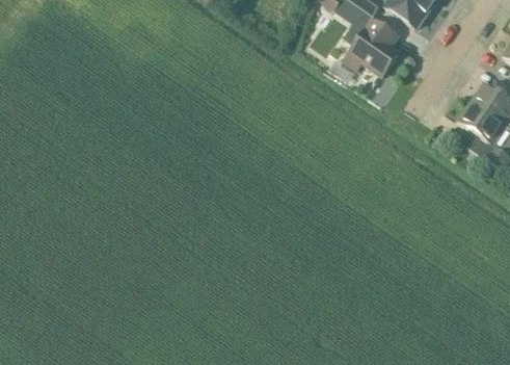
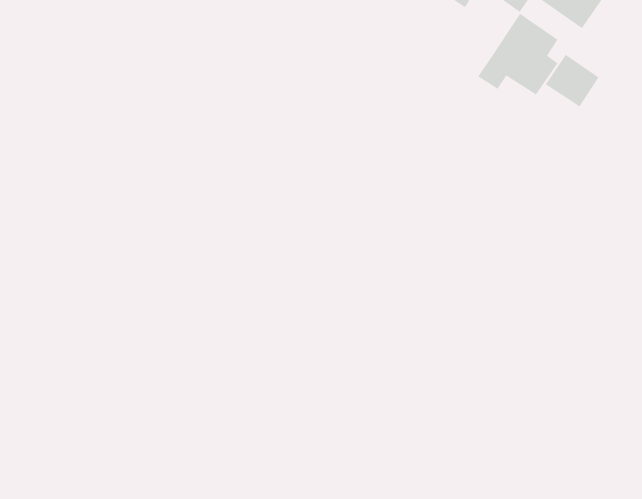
building: none -> [545,54,600,107]

